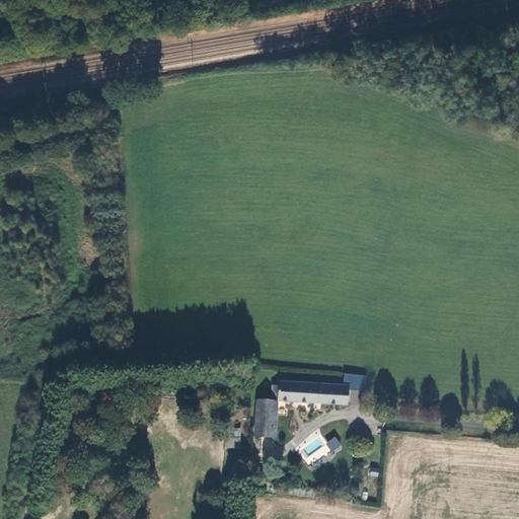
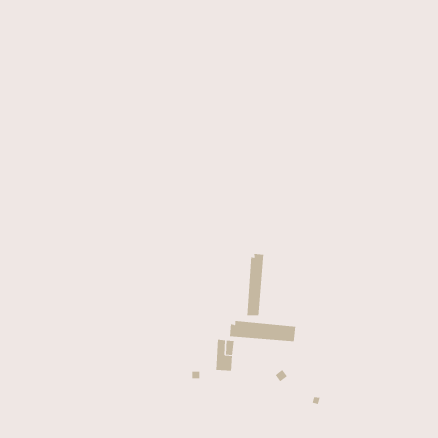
building: none -> [247,253,264,316]

